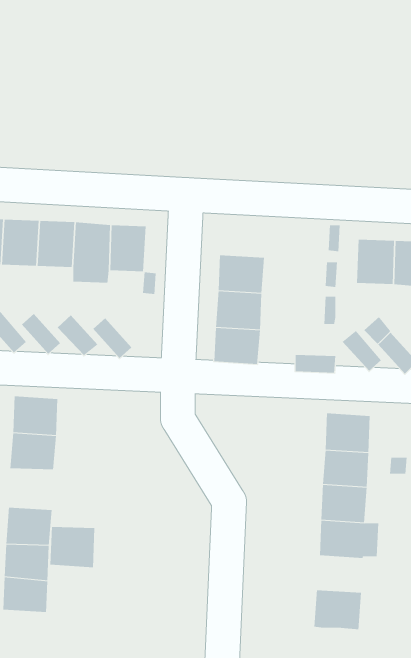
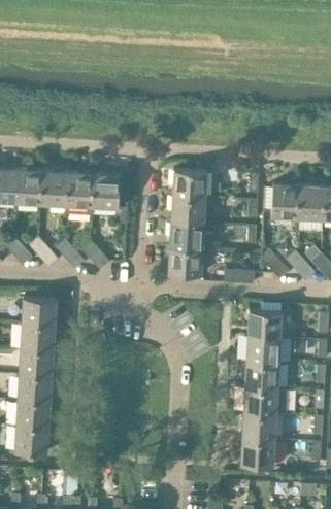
building: none -> [172,170,206,198]
building: [50,526,95,568] -> [20,350,53,380]
building: none -> [242,413,276,440]

